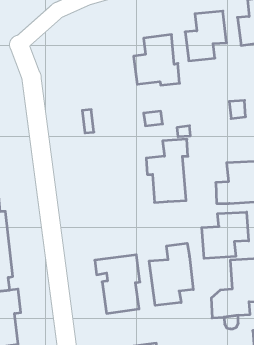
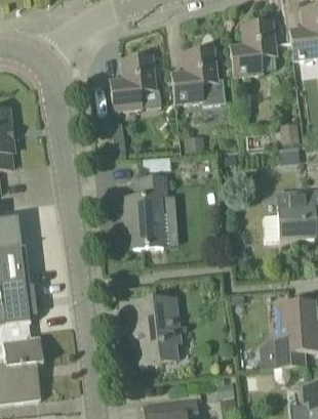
building: none -> [110,54,157,111]
building: [146,139,188,202] -> [119,176,166,248]
building: [202,212,249,258] -> none
building: [149,243,193,305] -> none

